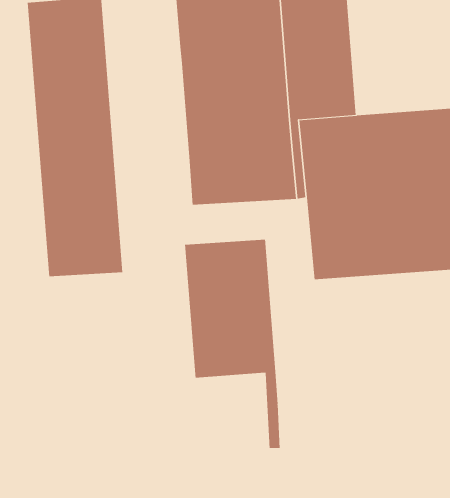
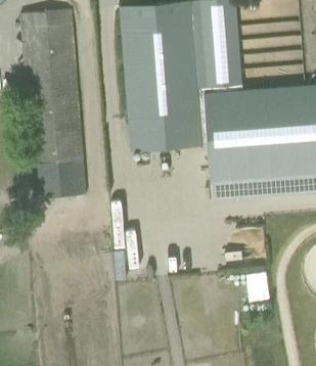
building: [185,239,280,449] -> none

